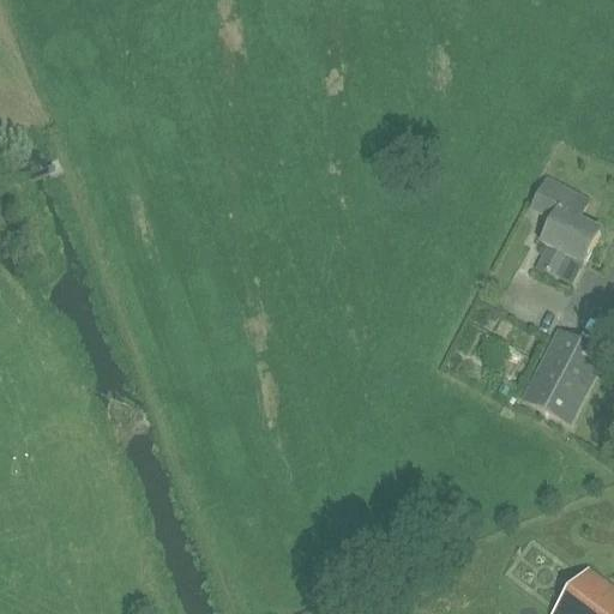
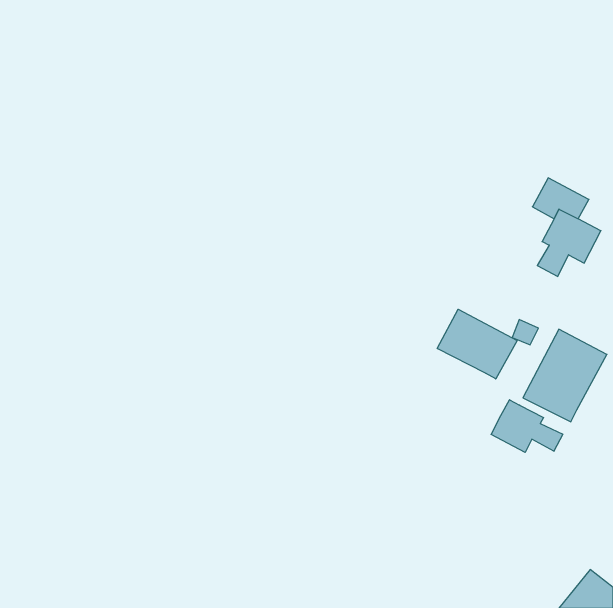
building: none -> [437,309,517,379]
building: none -> [491,400,563,452]

